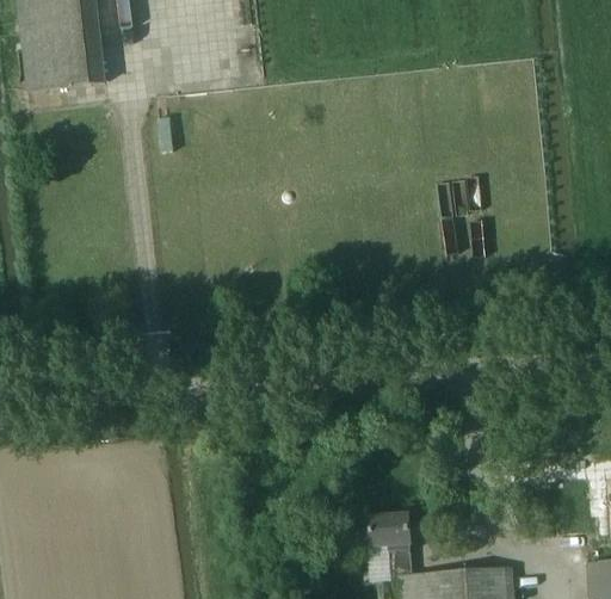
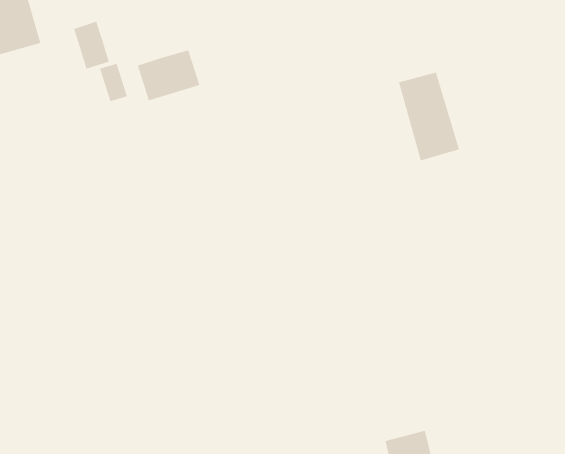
building: none -> [73,21,109,70]
building: none -> [137,49,200,101]

